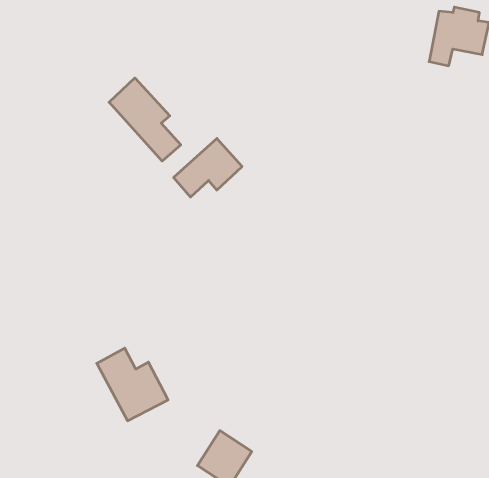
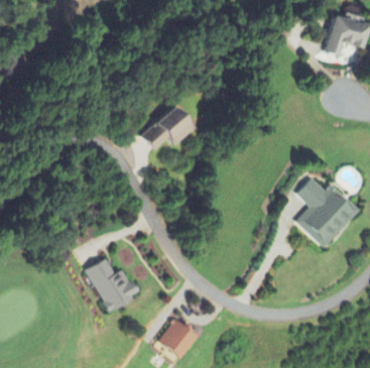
building: [109,78,181,161] -> none
building: none -> [296,177,360,247]

